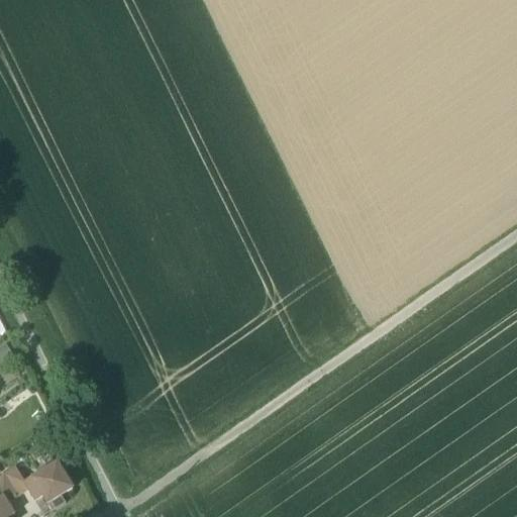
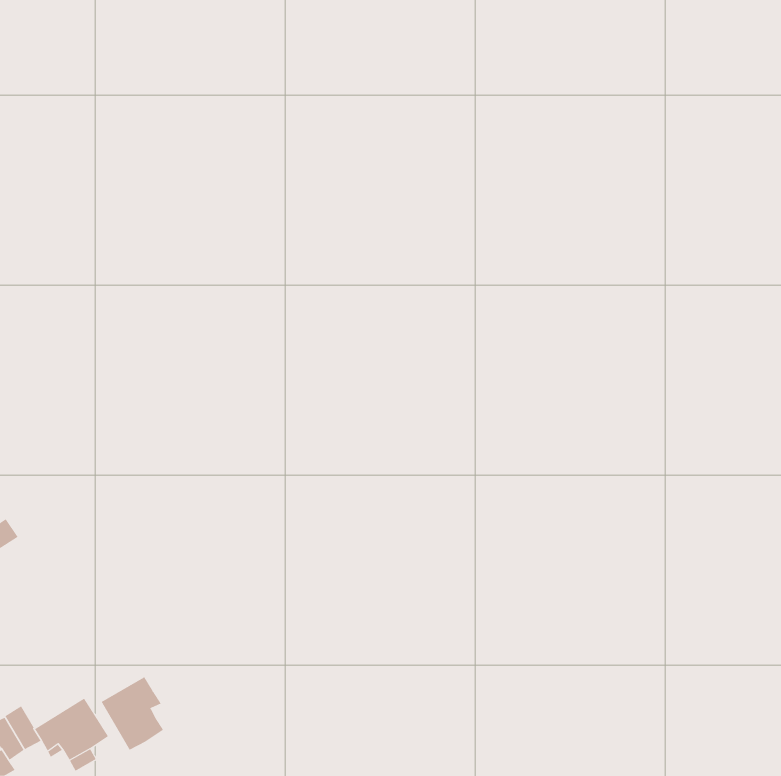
building: none -> [101,675,164,750]

